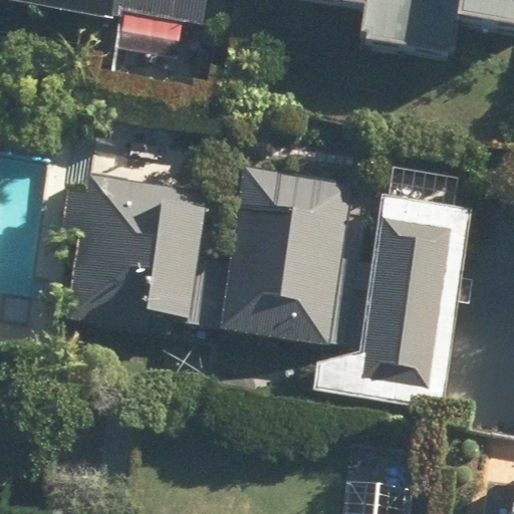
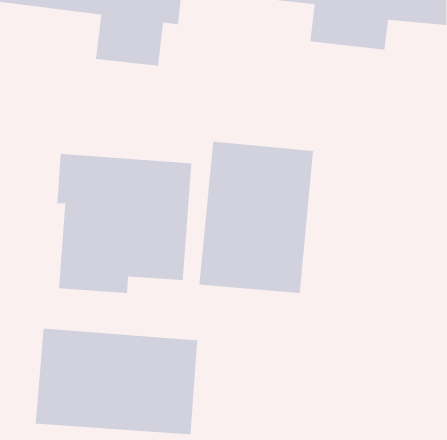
building: [366,208,444,379] -> none
building: none -> [35,328,198,435]

